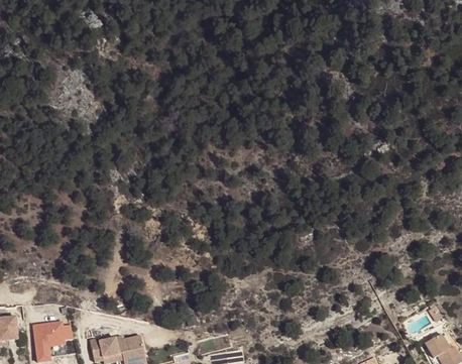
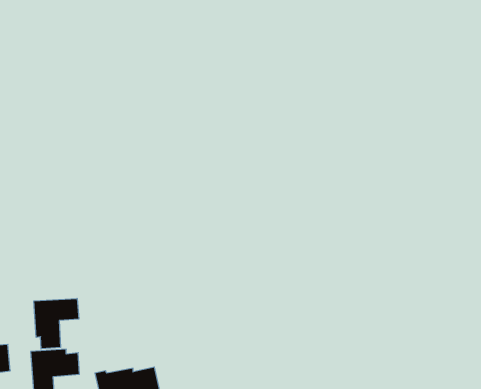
building: none -> [34,298,79,349]

